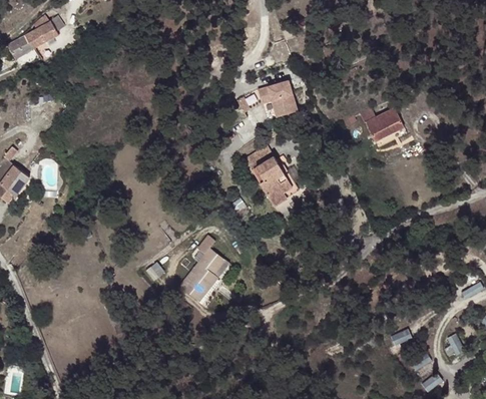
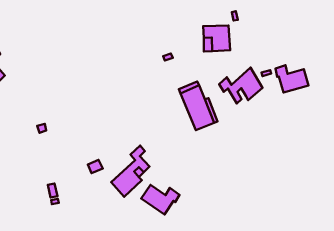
building: none -> [219,67,263,103]
building: none -> [141,185,179,214]

